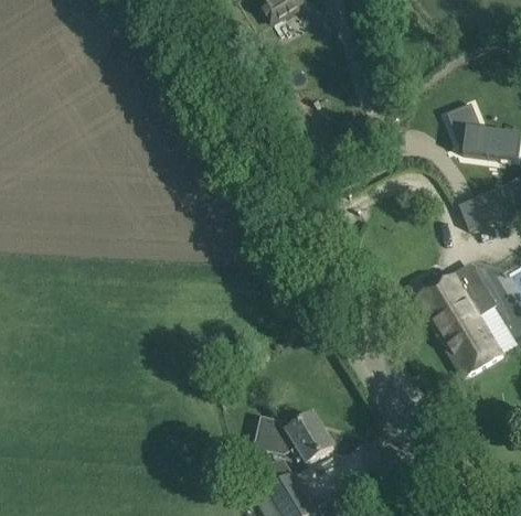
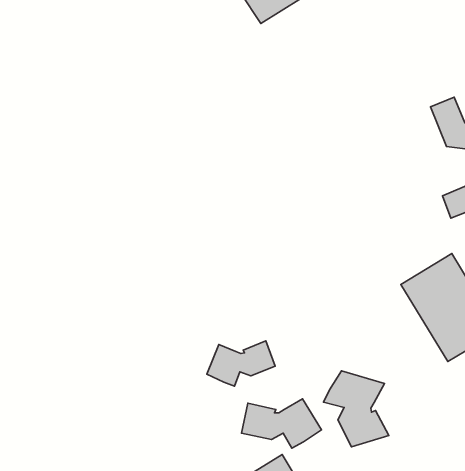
building: none -> [207,341,275,386]
building: none -> [323,371,389,447]

